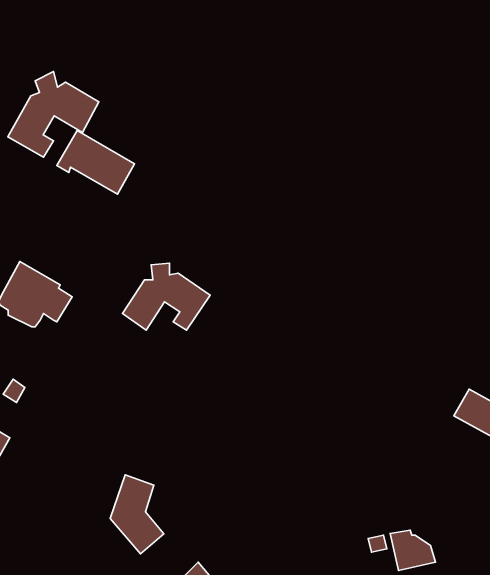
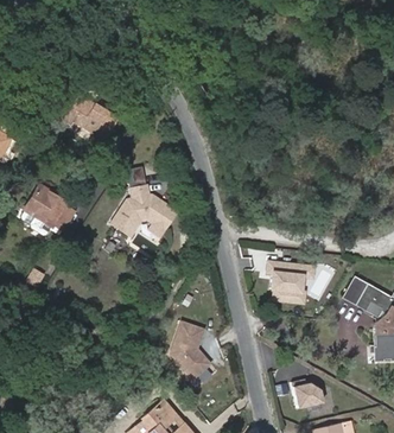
building: [8,71,99,157] -> none
building: none -> [265,261,313,304]
building: [110,475,164,554] -> [171,321,209,377]

